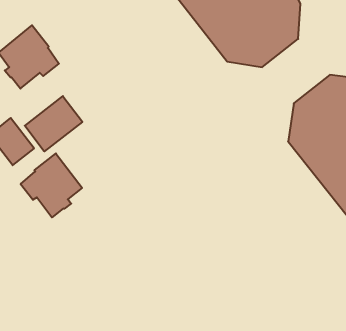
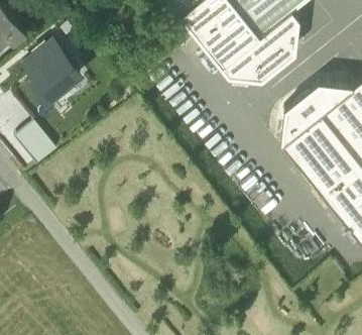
building: [25,96,82,151] -> none
building: [21,153,82,217] -> none

